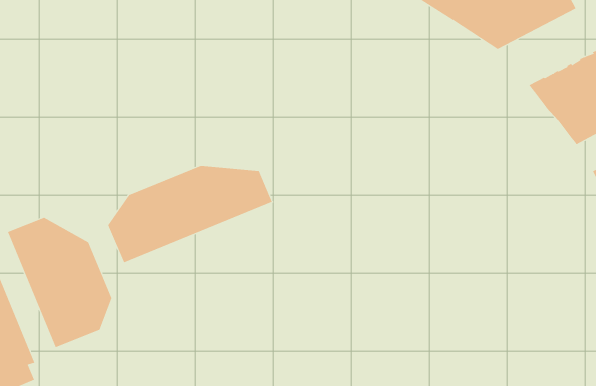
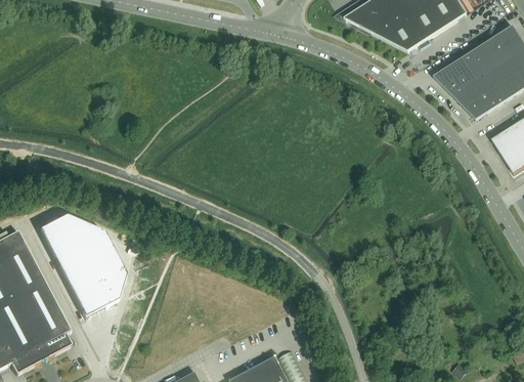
building: [107,165,272,263] -> none

